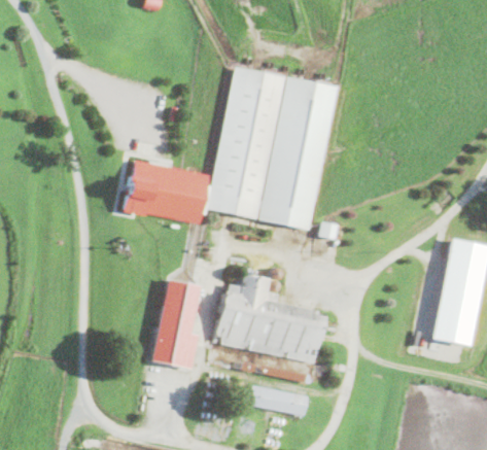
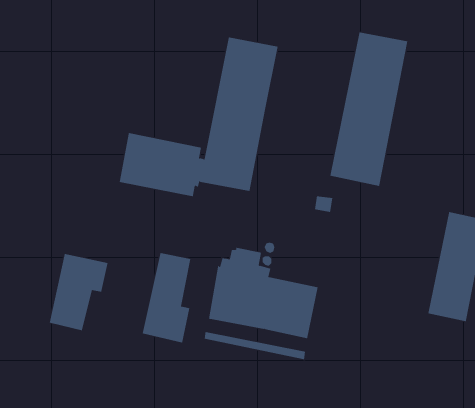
building: [260,78,338,230] -> [329,32,408,186]
building: none -> [49,253,108,331]
building: [250,386,308,418] -> none

